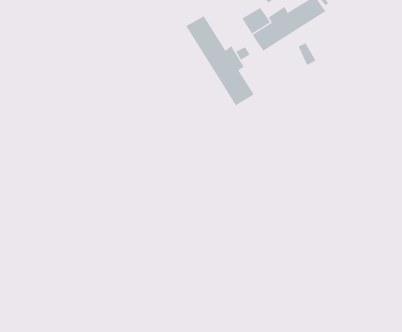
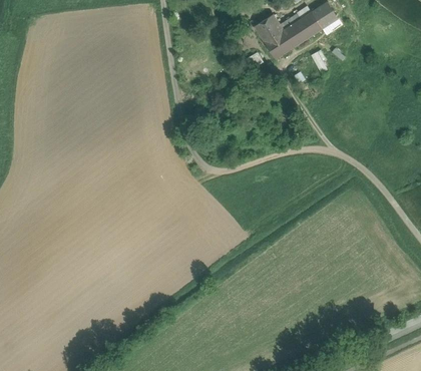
building: [186,15,254,106] -> none

